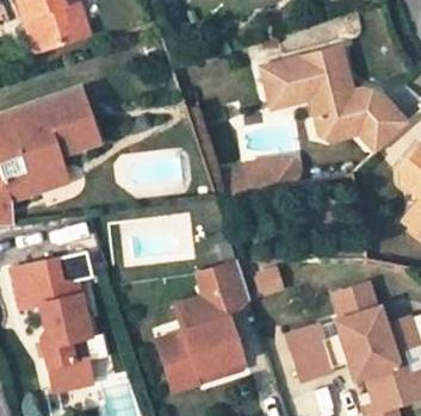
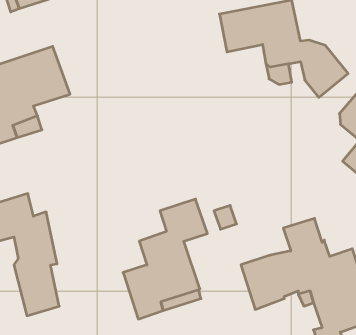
building: [244,153,297,182] -> none

